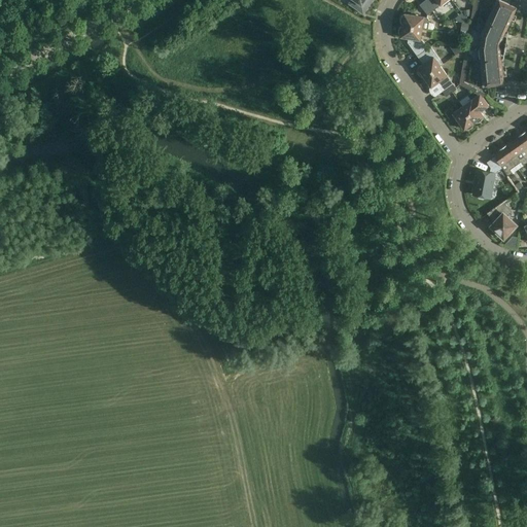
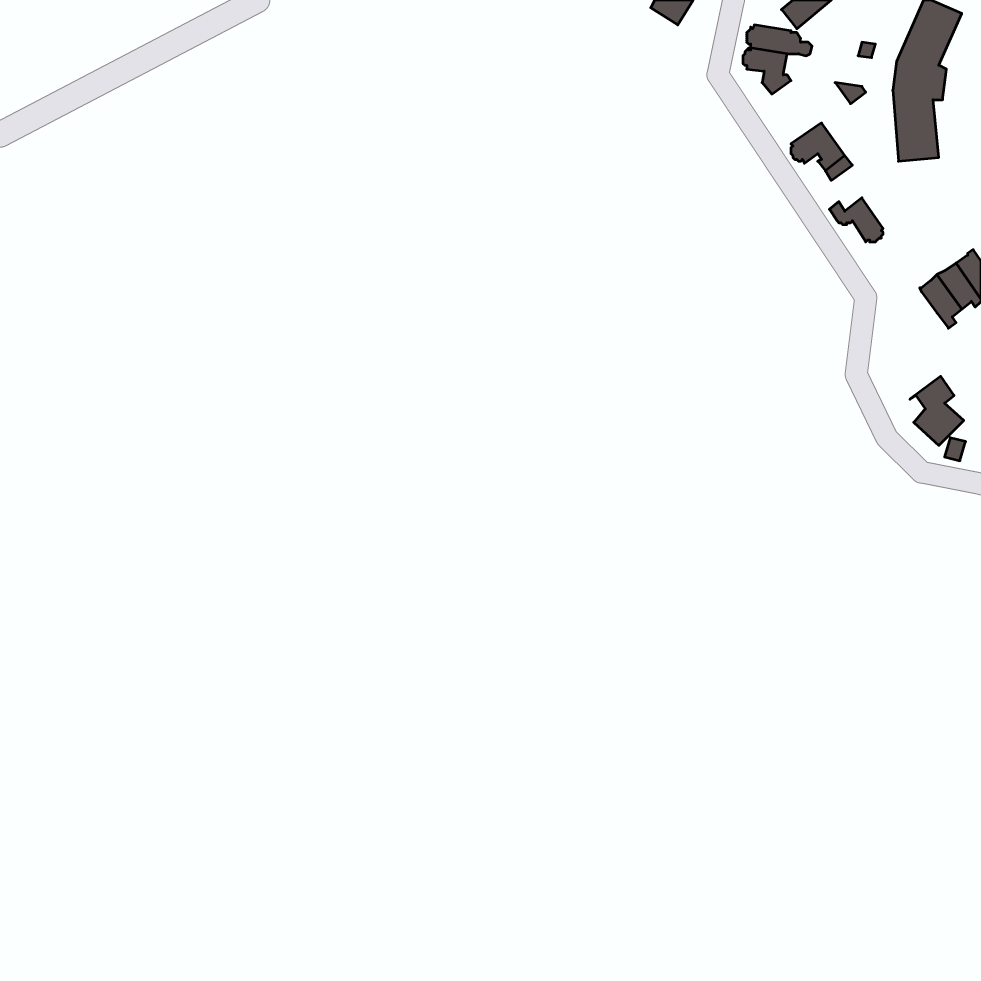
building: [414,43,441,77] -> none
building: [462,90,489,124] -> none
building: [472,156,502,198] -> none

